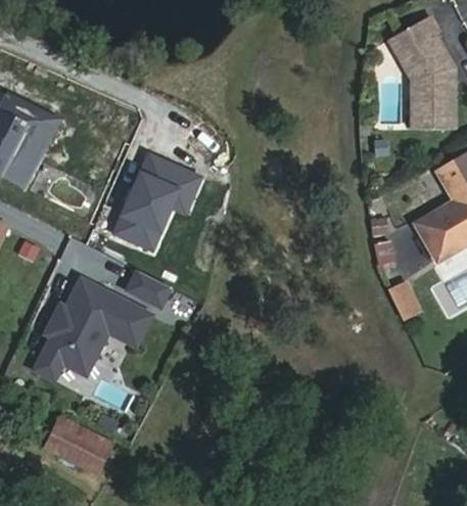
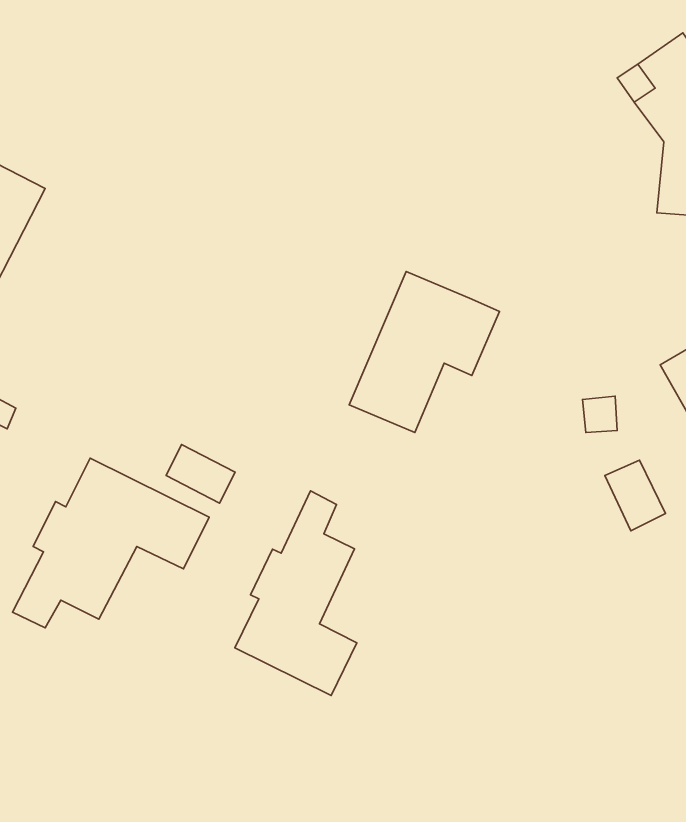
building: [112,152,201,247] -> [349,272,500,432]
building: none -> [235,491,357,695]
building: [48,420,108,470] -> none

